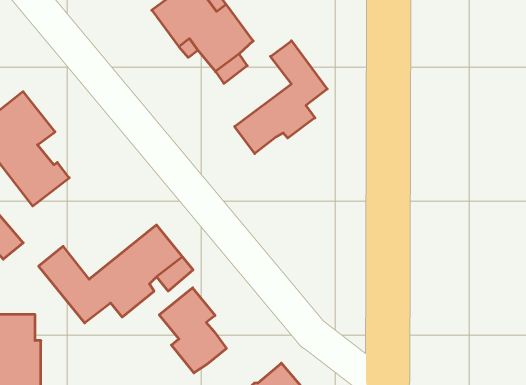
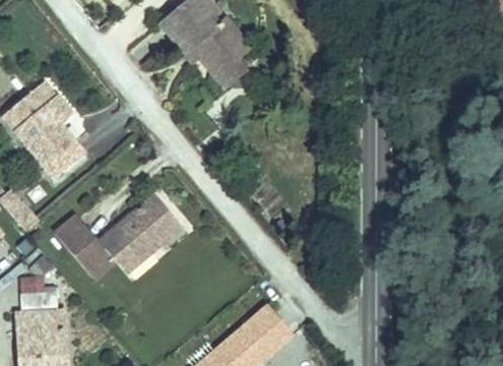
building: [235,41,327,154] -> none
building: [159,288,226,373] -> none

